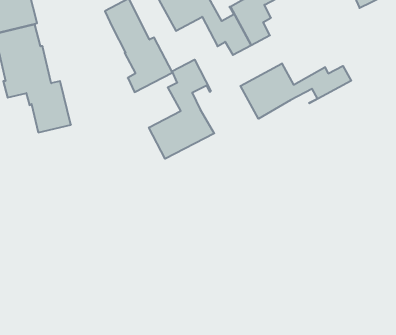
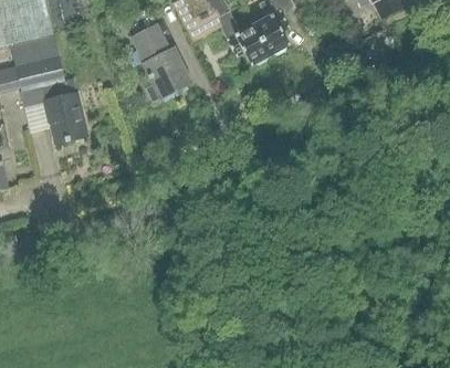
building: [149,60,214,159] -> none
building: [240,63,351,119] -> none

